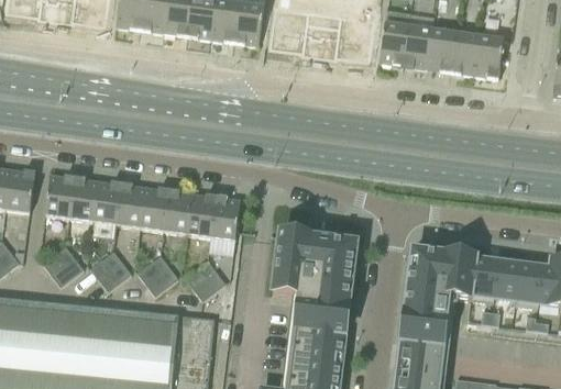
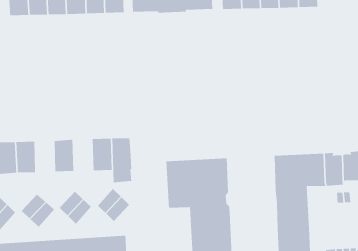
building: [117,185,145,226] -> none
building: [164,190,193,233] -> none

